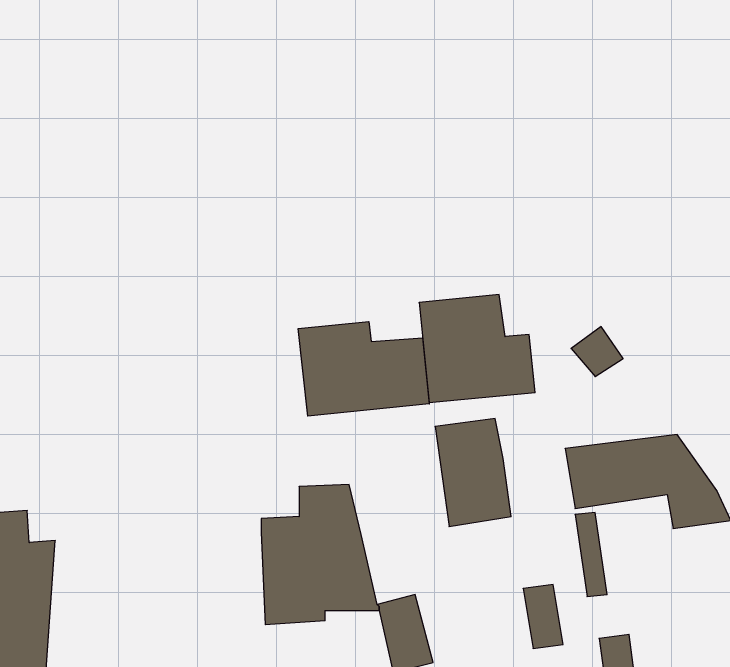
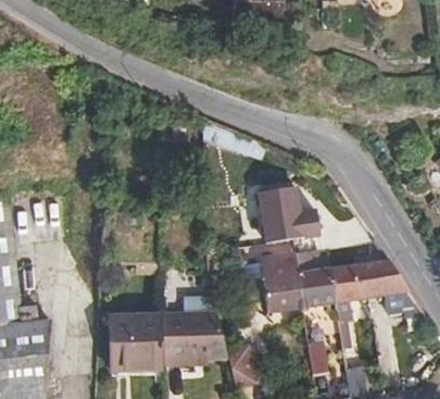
building: [298,322,429,416] -> none
building: none -> [294,267,334,304]
building: none -> [112,313,165,369]

